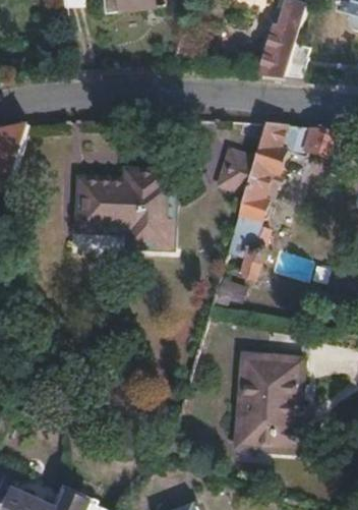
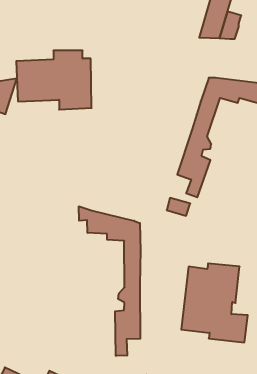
building: [219,145,257,189] -> none
building: [84,171,179,245] -> [16,51,92,110]
building: none -> [79,206,140,356]

